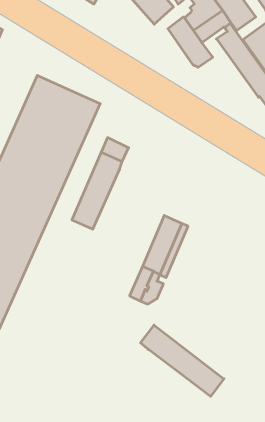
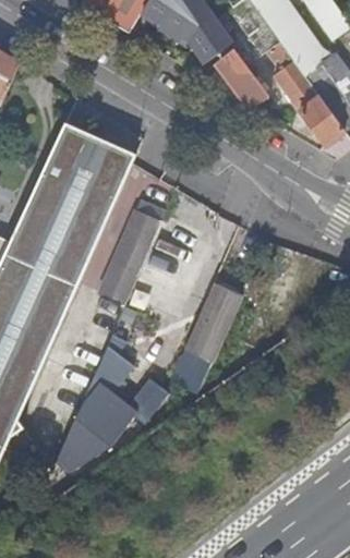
building: none -> [53,343,168,472]
building: [141,325,224,396] -> none

